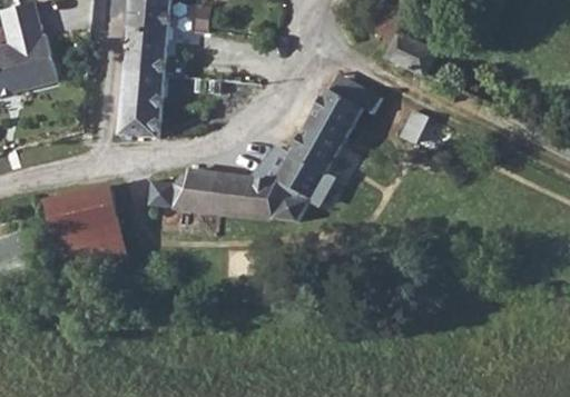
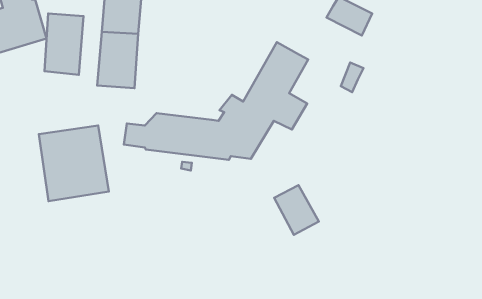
building: none -> [44,13,84,75]
building: none -> [274,185,319,235]

